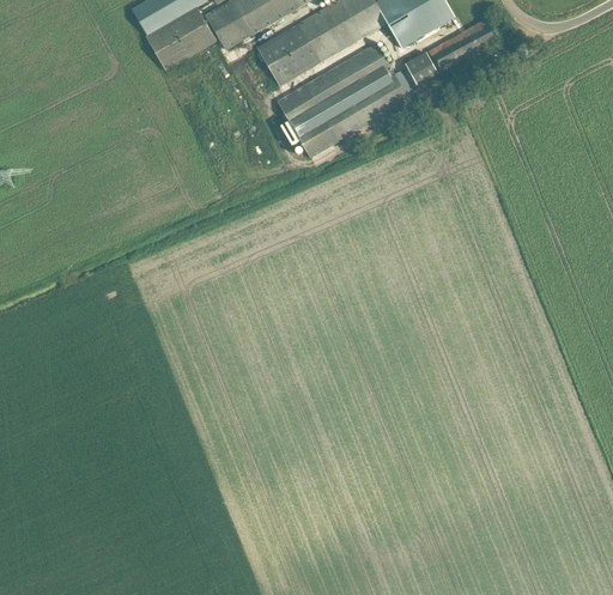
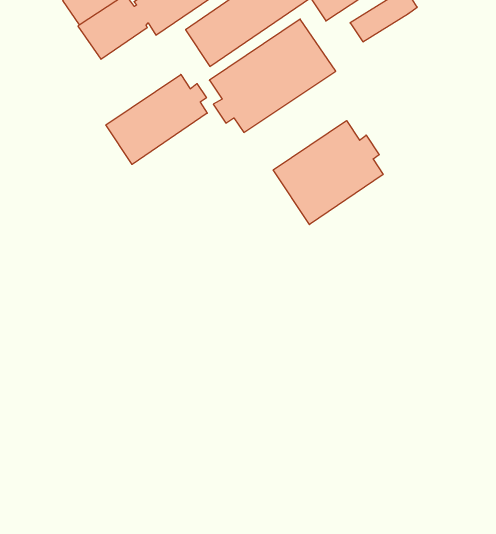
building: [405,50,437,83] -> none
building: none -> [106,74,207,164]
building: none -> [273,121,383,225]

